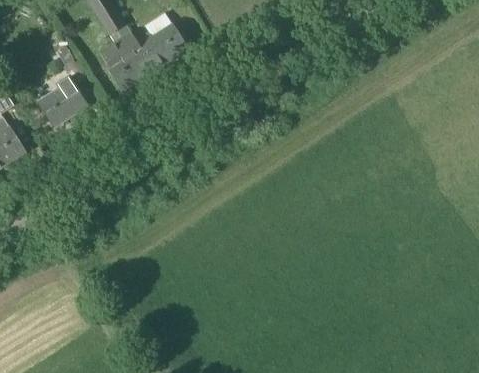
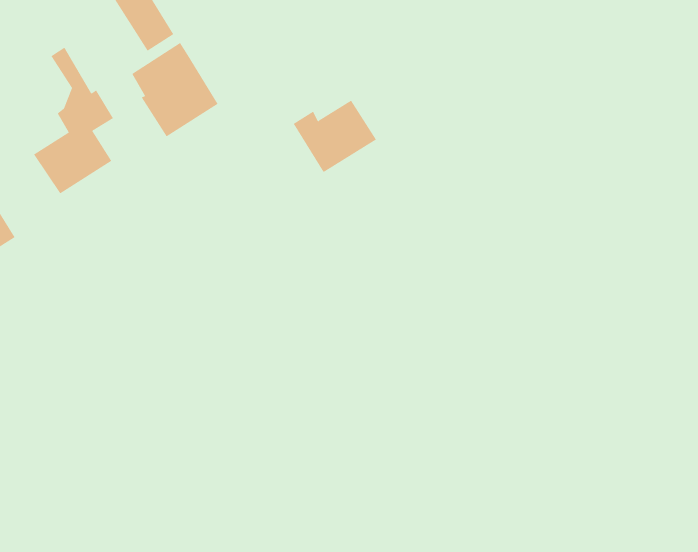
building: [135,23,188,69] -> [293,100,377,173]

